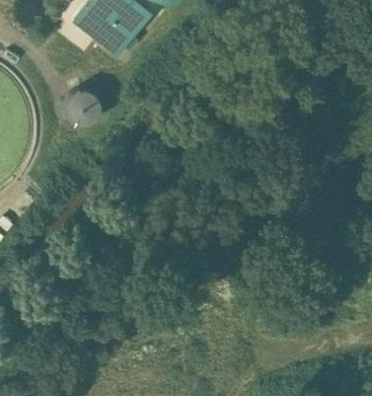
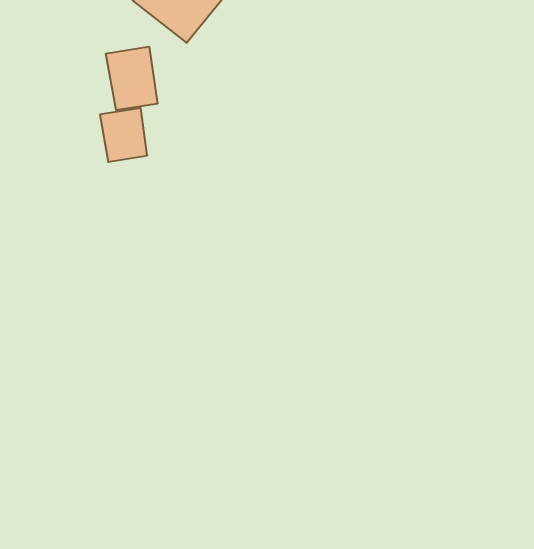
building: none -> [106,47,158,110]

